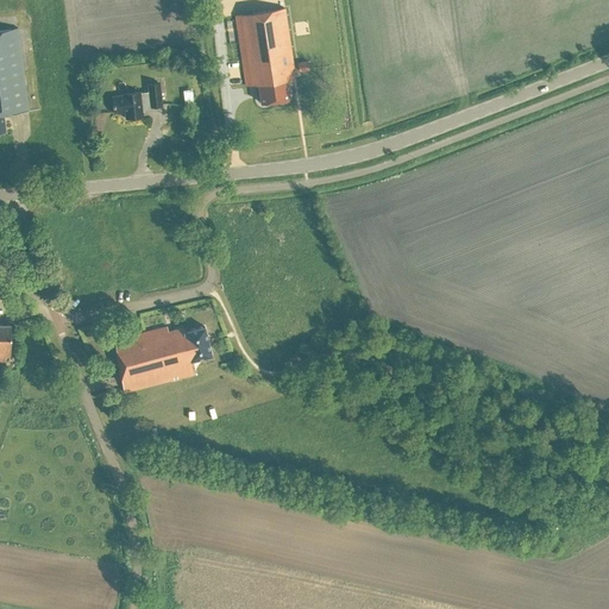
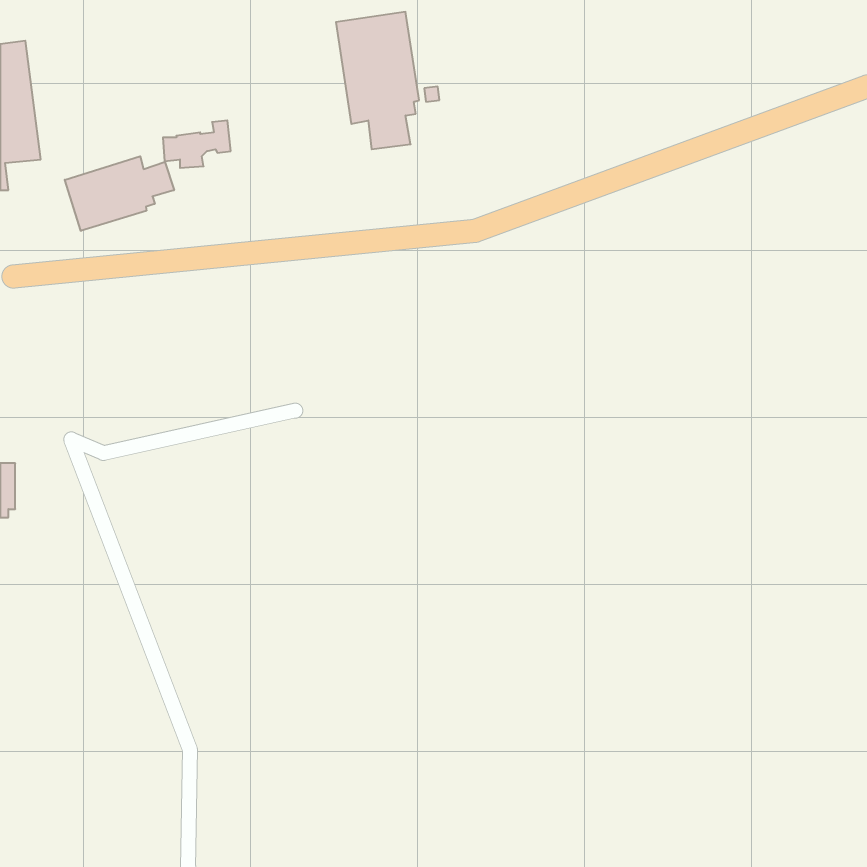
building: none -> [65,156,174,231]
building: [114,326,211,393] -> none

